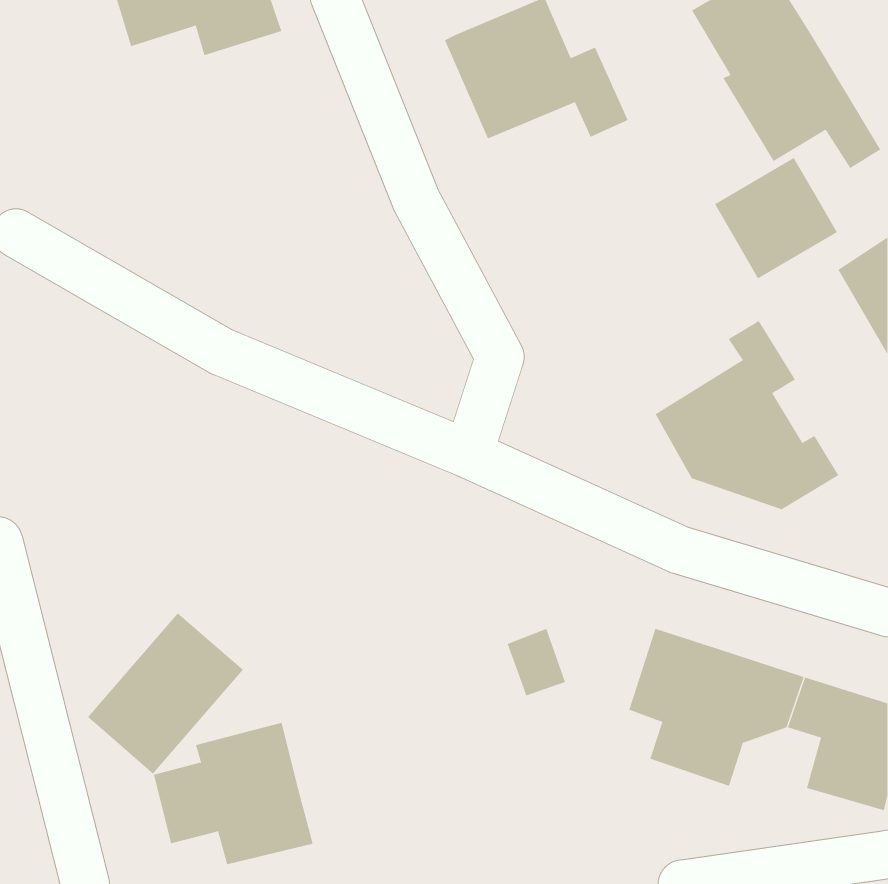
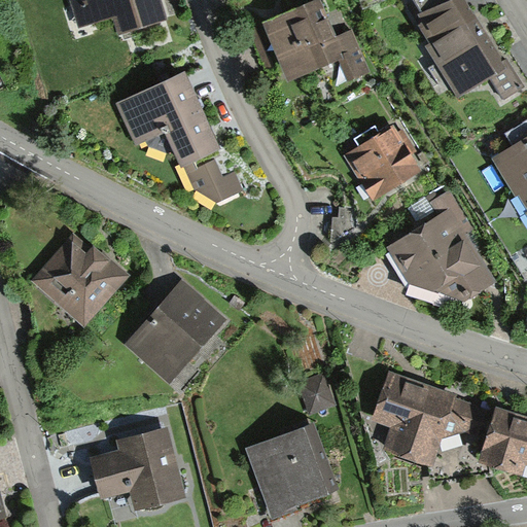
building: none -> [116,71,246,202]
building: [714,157,838,279] -> [346,127,419,199]
building: none -> [31,234,130,327]
building: [87,613,244,774] -> [129,284,221,380]
building: none -> [248,432,326,518]

